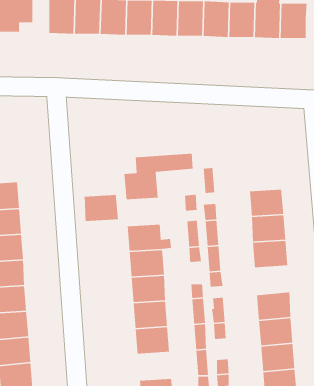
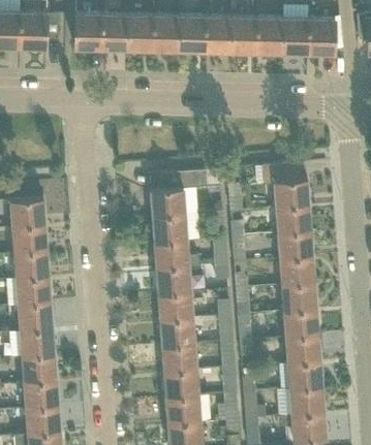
building: none -> [273,162,309,206]
building: [84,194,119,222] -> [152,214,187,242]
building: none -> [281,282,317,311]
building: none -> [163,369,198,396]

